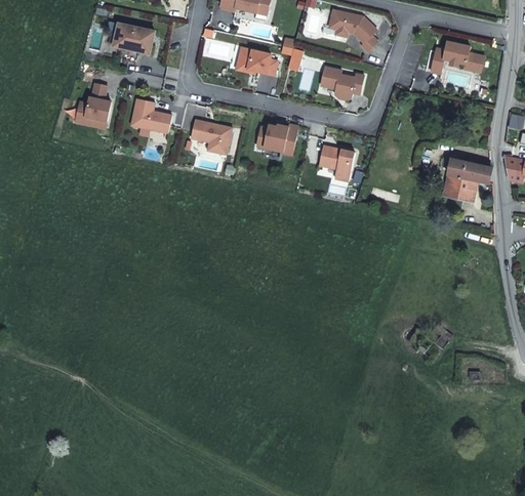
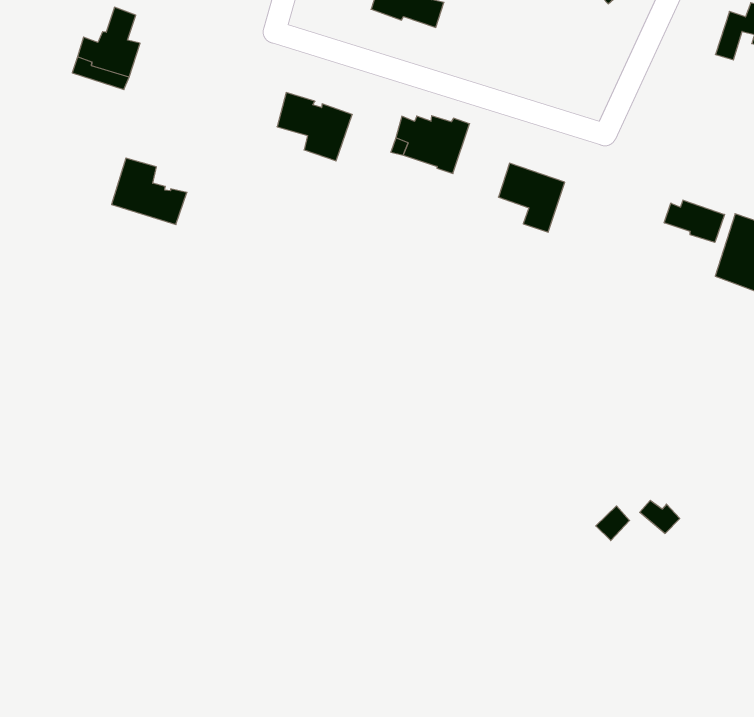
building: [321,67,364,99] -> none
building: [131,99,172,133] -> [112,158,187,225]
building: none -> [664,200,725,242]

